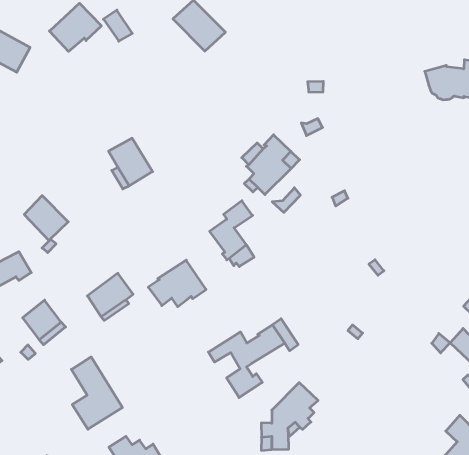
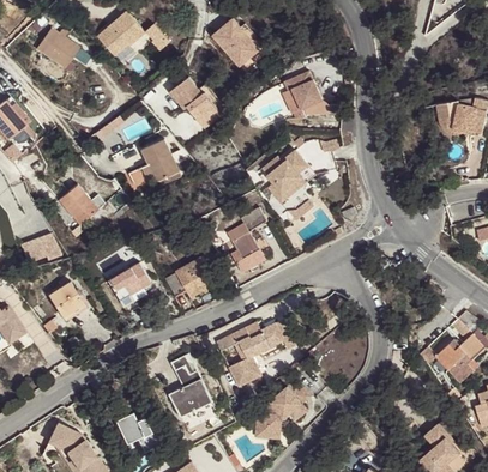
building: none -> [287,74,321,113]
building: none -> [169,78,222,129]
building: [71,357,122,429] -> [168,352,213,418]

